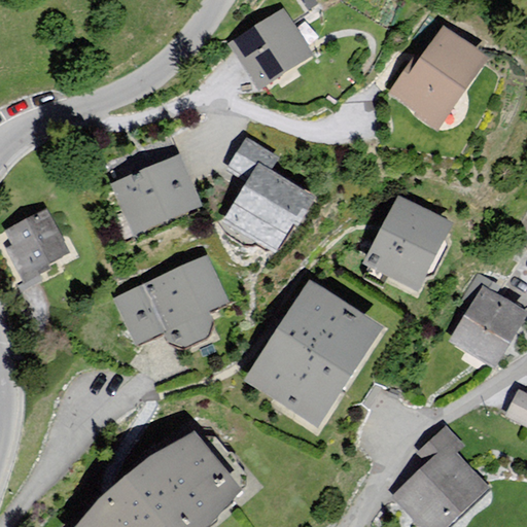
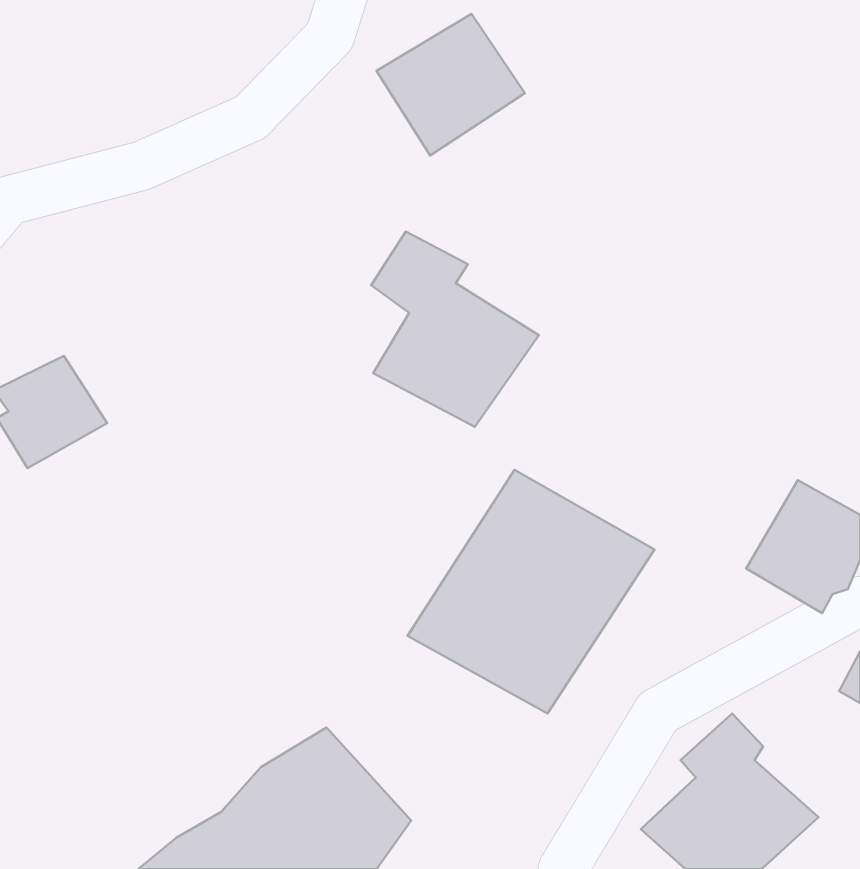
building: [387,27,496,131] -> none
building: [111,154,206,236] -> none
building: [362,198,461,292] -> none
building: [105,257,227,346] -> none

